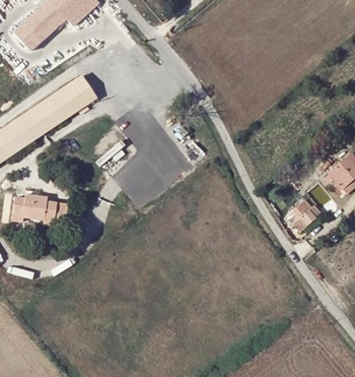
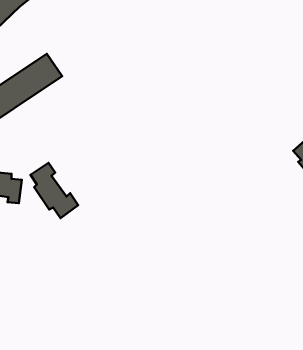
building: none -> [30,163,78,218]
building: [286,197,322,231] -> none

